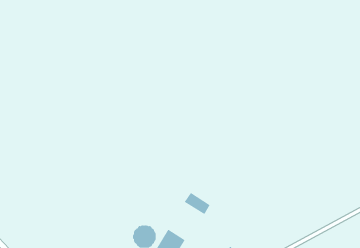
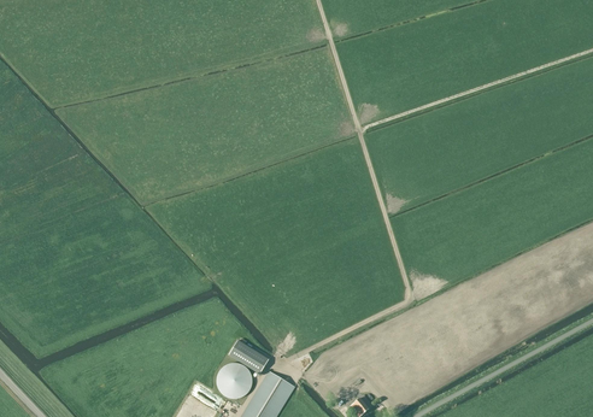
building: [184,192,211,215] -> [228,340,268,374]

